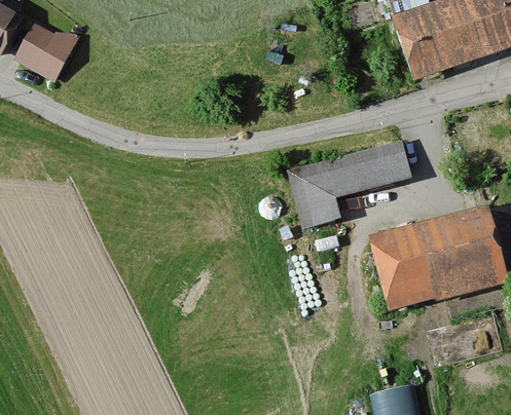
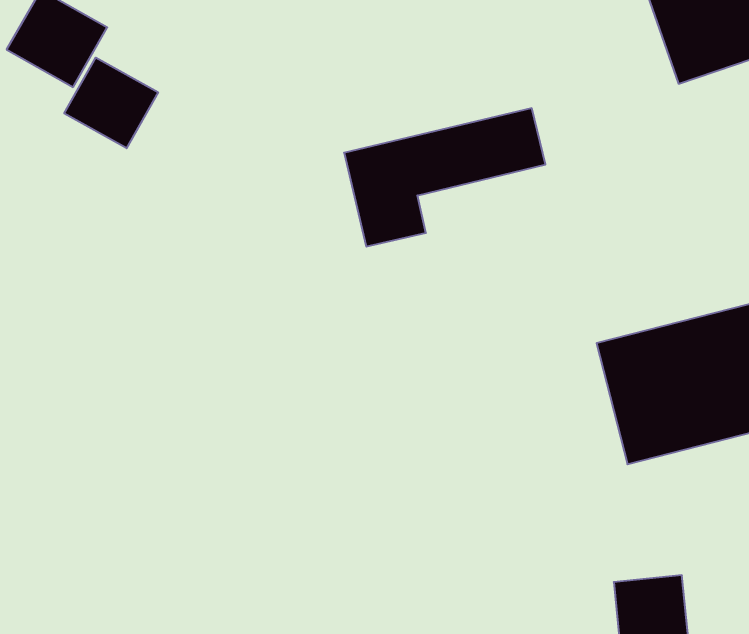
building: none -> [64,58,158,148]
building: [286,141,407,224] -> [344,108,545,247]

